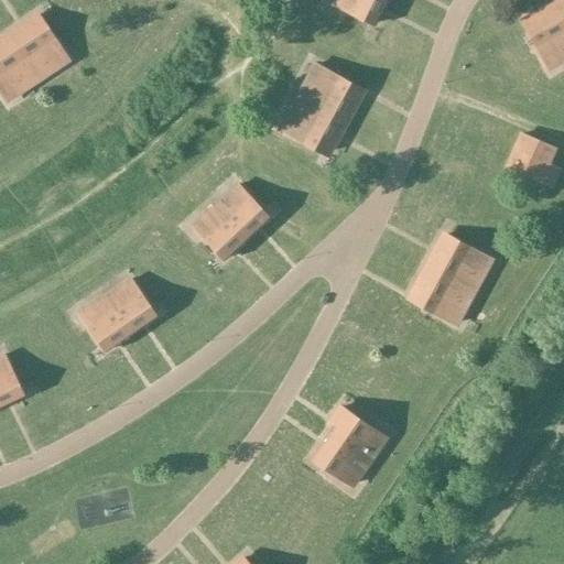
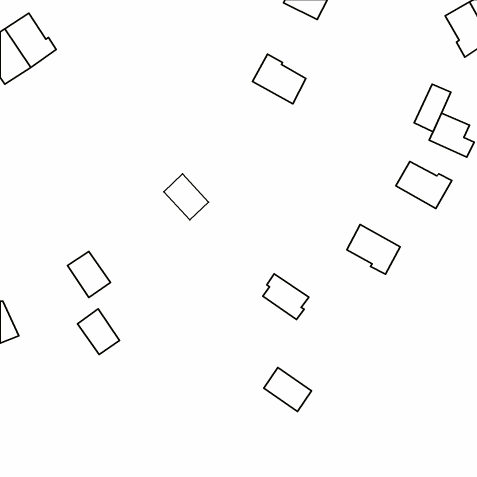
building: [281,96,346,152] -> none
building: none -> [414,84,451,132]
building: [216,184,269,238] -> none
building: [425,236,491,291] -> [396,162,452,208]
building: [106,279,155,333] -> [78,309,120,355]
building: [328,406,382,460] -> [263,274,309,320]

